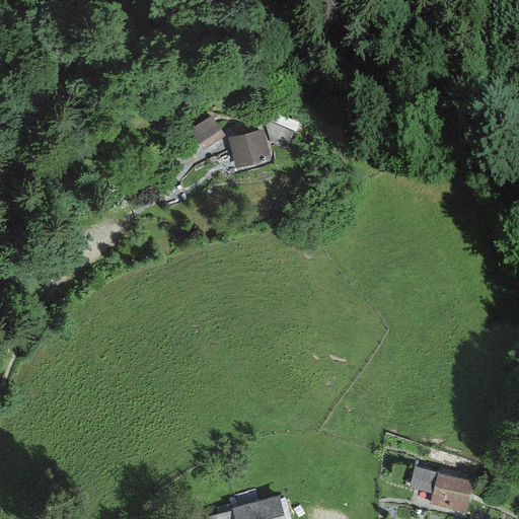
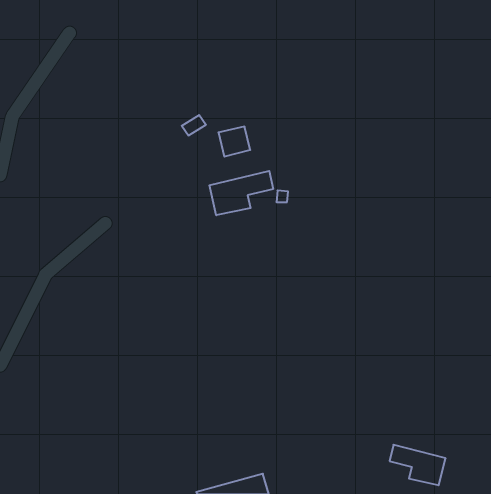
building: none -> [209,171,273,215]

